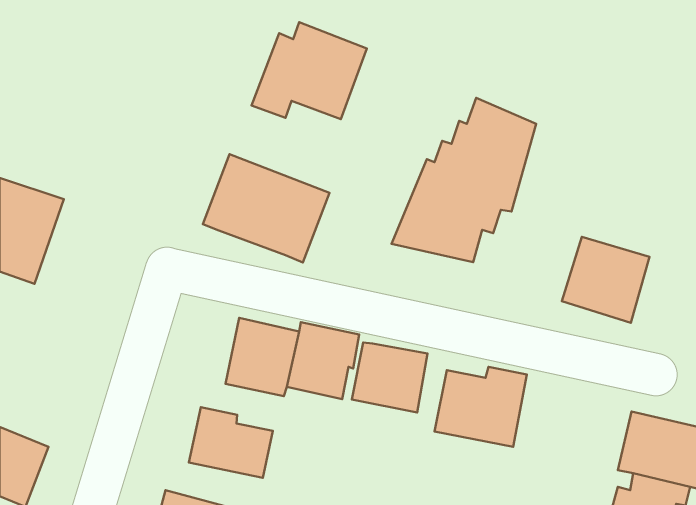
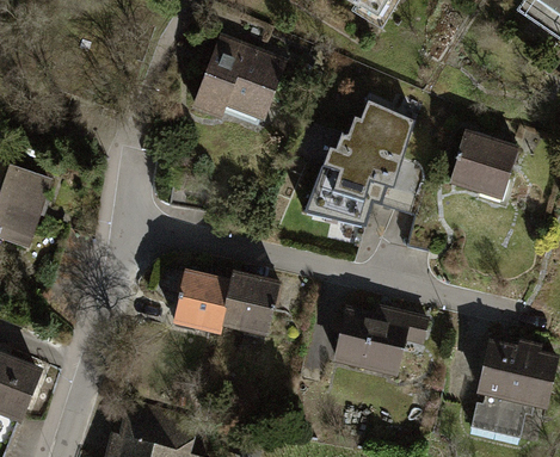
building: [203,154,329,263] -> none
building: [562,237,649,323] -> [449,131,517,198]
building: [352,343,427,412] -> none
building: [189,407,273,478] -> none

